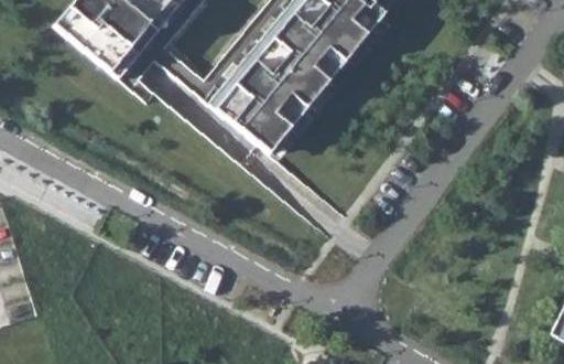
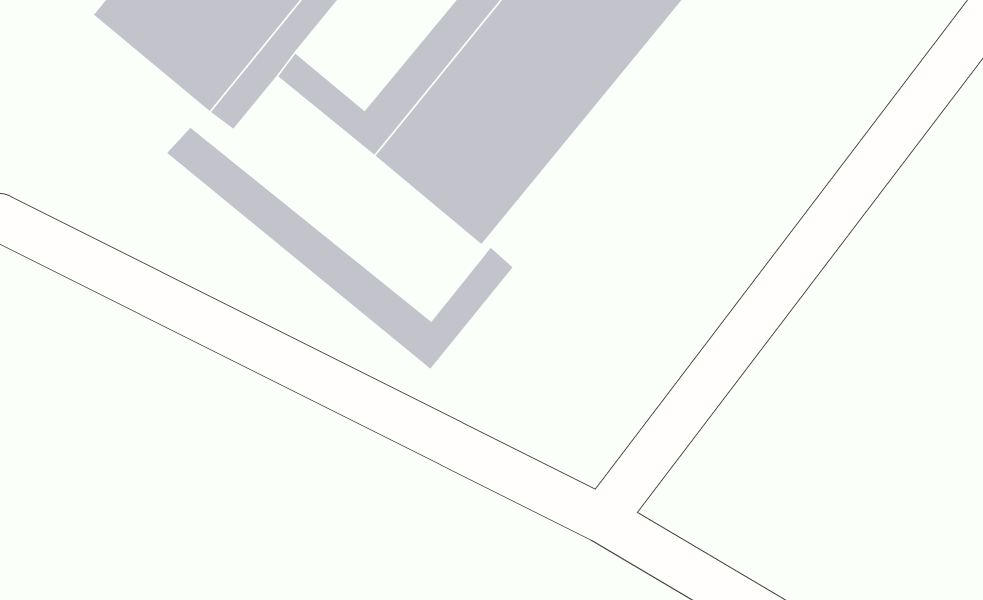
building: none -> [166,127,514,370]

